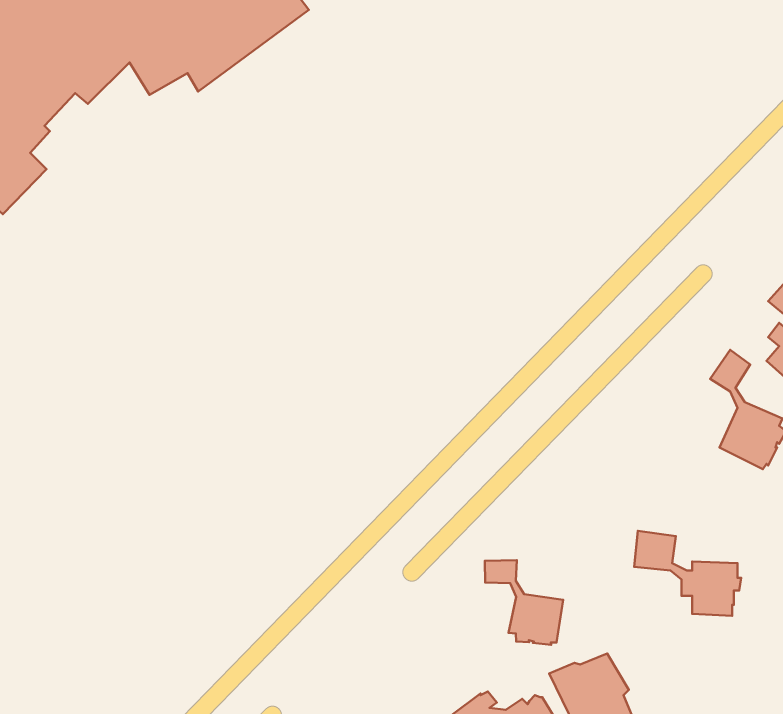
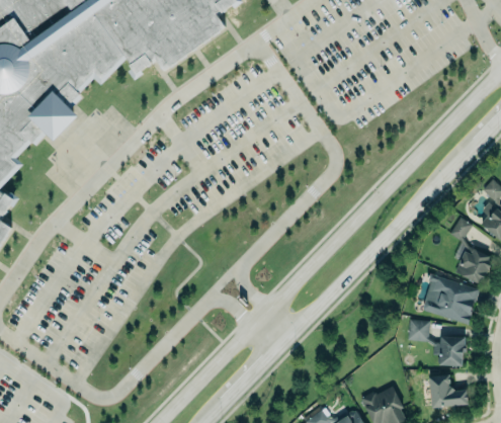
building: none -> [423,272,479,324]
building: [485,560,563,645] -> none
building: none -> [420,372,468,407]

